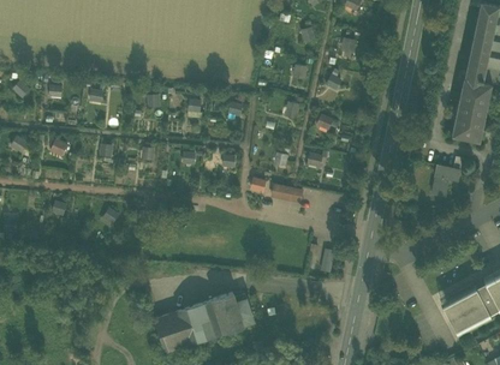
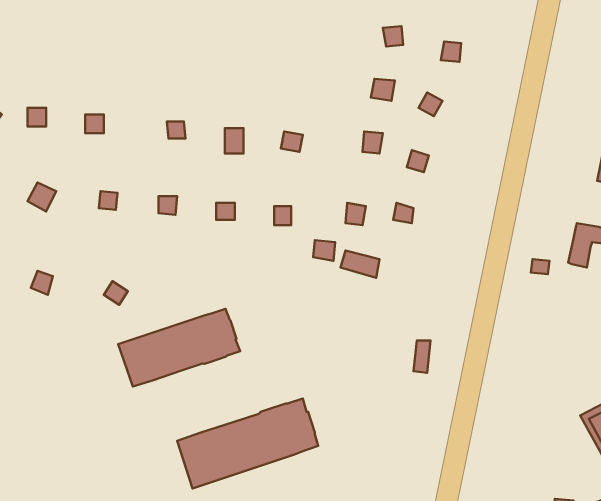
building: none -> [118,309,240,387]

